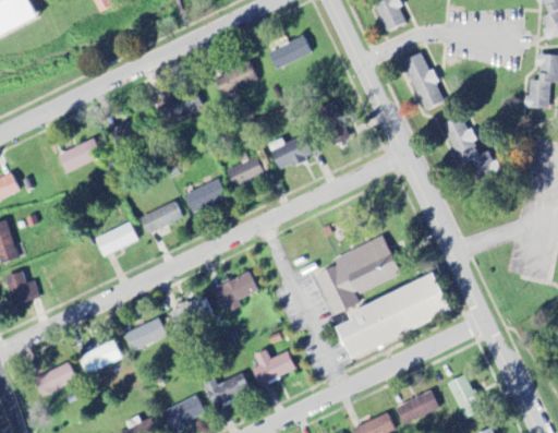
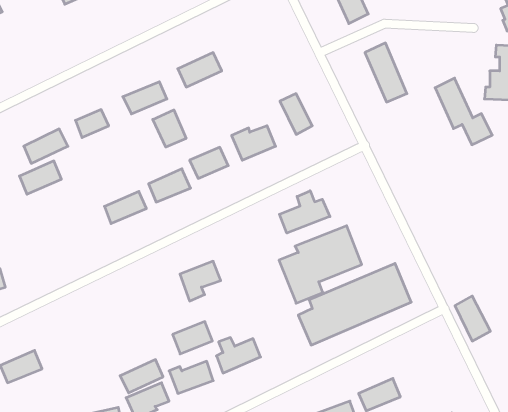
building: [268,36,311,68] -> none
building: [444,113,501,181] -> [435,78,492,145]
building: none -> [153,110,186,147]
building: none -> [279,191,330,233]
building: [95,221,137,255] -> [19,161,61,194]
building: [172,296,213,328] -> [173,322,212,354]
building: [125,317,169,351] -> [120,360,163,393]
building: [80,339,123,374] -> none
building: [448,373,484,419] -> [455,296,490,341]

